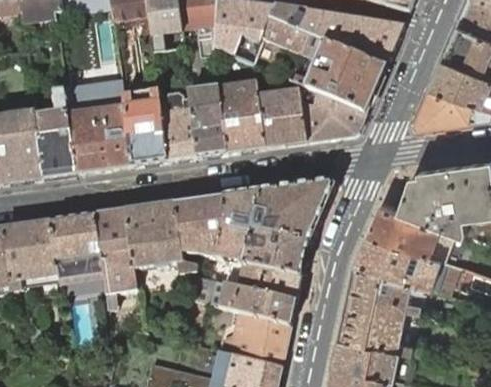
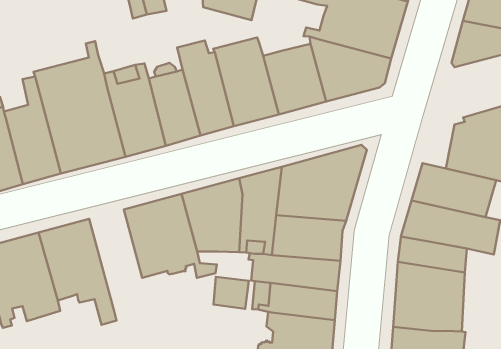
building: [96,209,137,293] -> none

